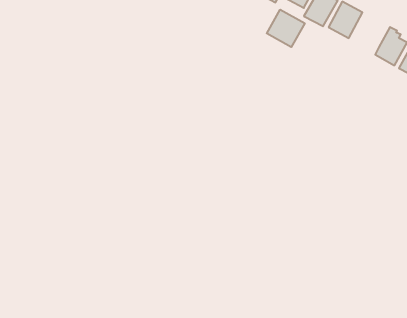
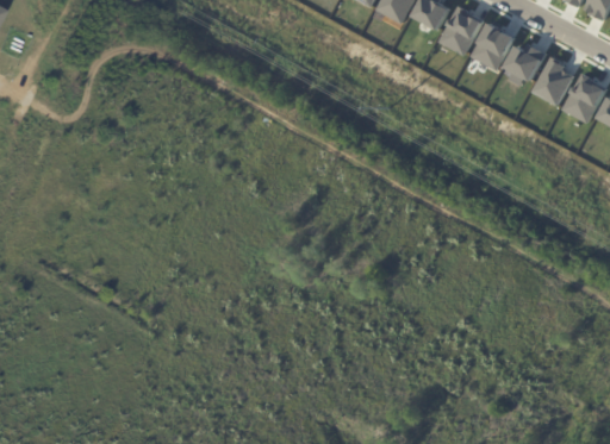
building: [267,10,305,47] -> none
building: none -> [505,43,546,85]

